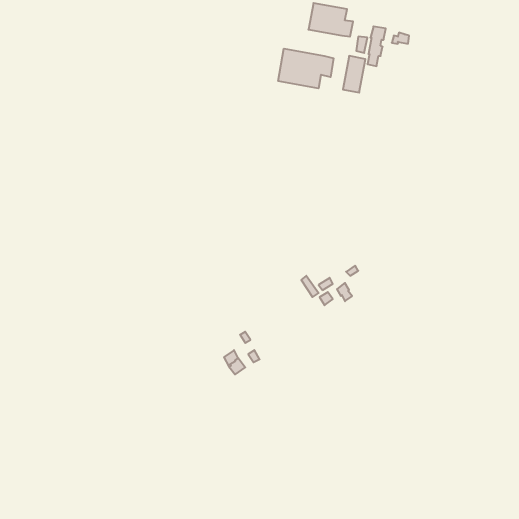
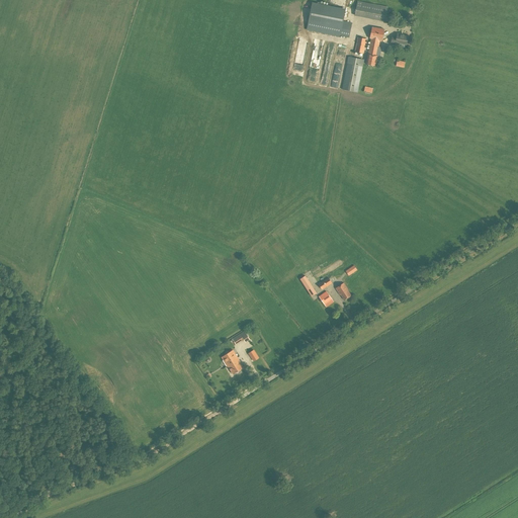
building: [278,49,334,88] -> none

